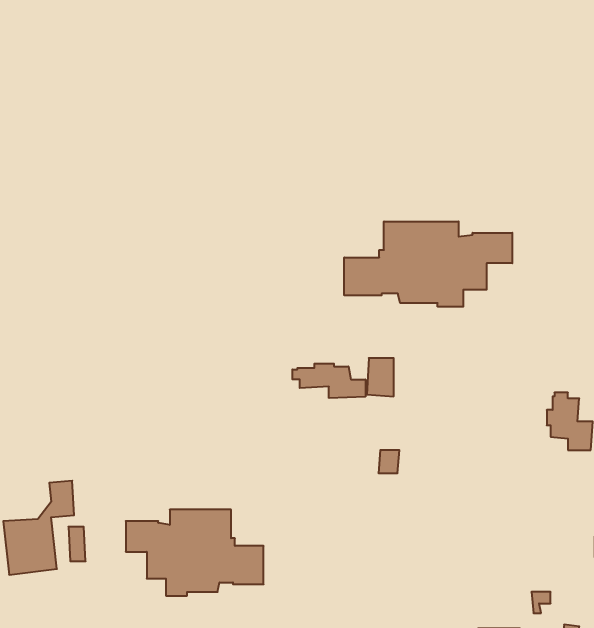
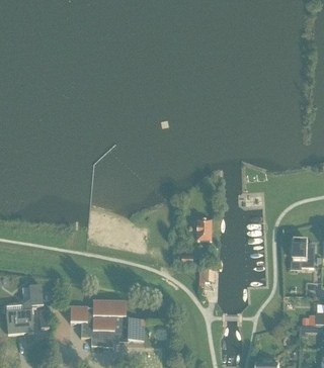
building: [344,221,512,307] -> none
building: [292,364,365,398] -> none

